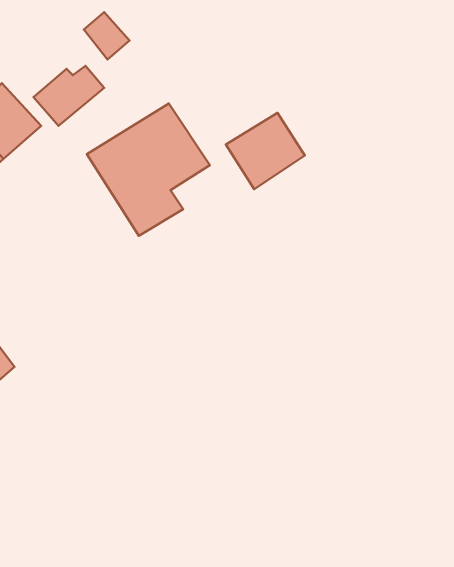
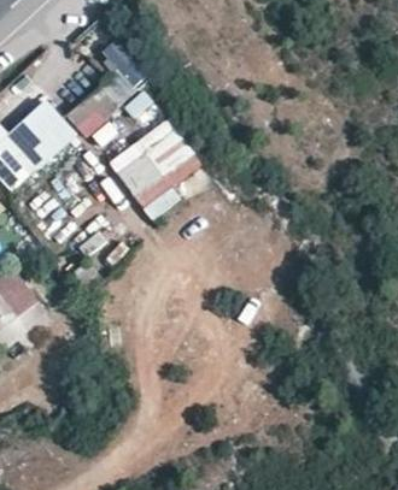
building: [226,113,305,189] -> none

